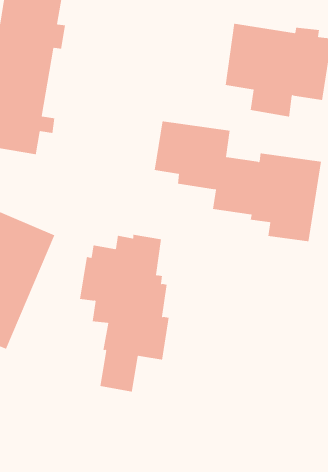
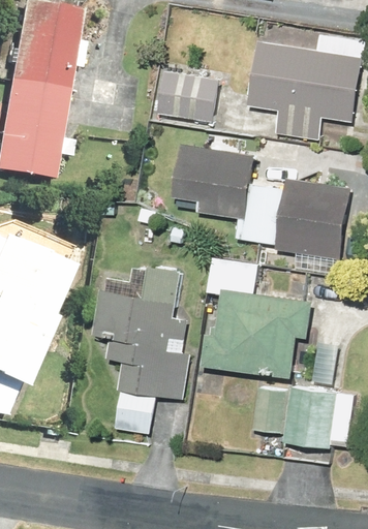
building: none -> [158,71,219,122]
building: none -> [204,258,313,378]
building: none -> [253,387,355,448]

